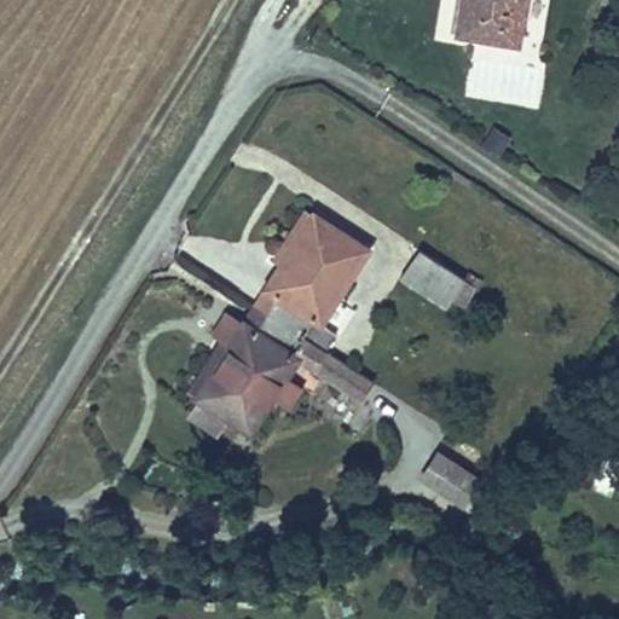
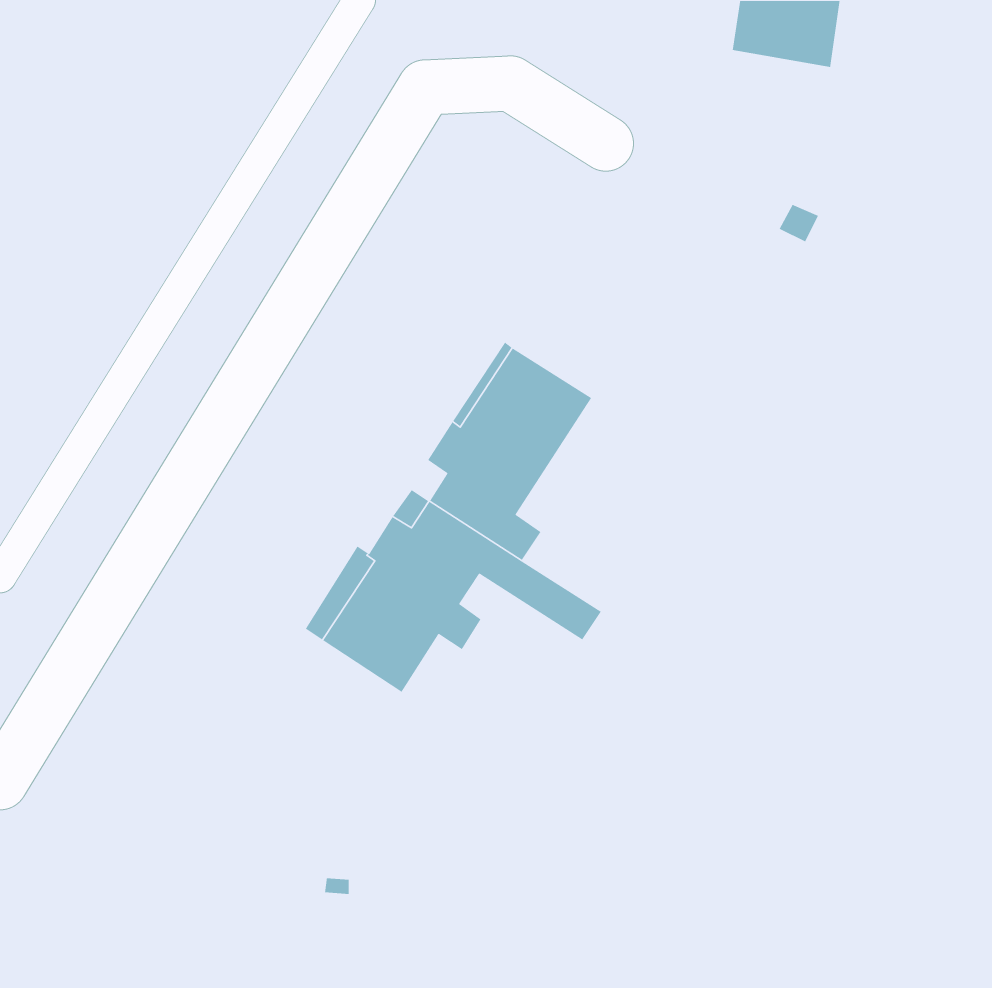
building: [401,251,464,308] -> none
building: [418,452,478,505] -> none

